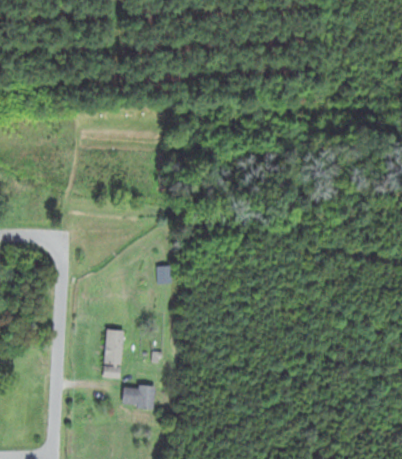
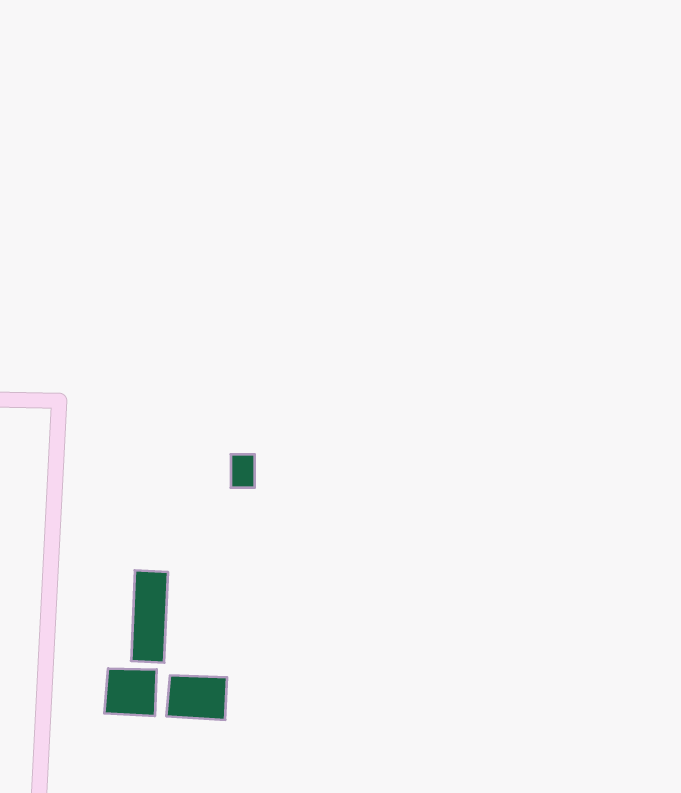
building: none -> [104,668,157,716]

